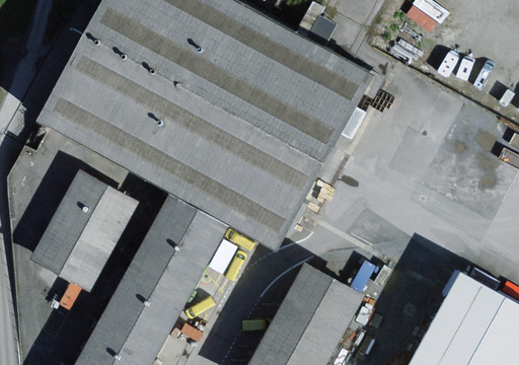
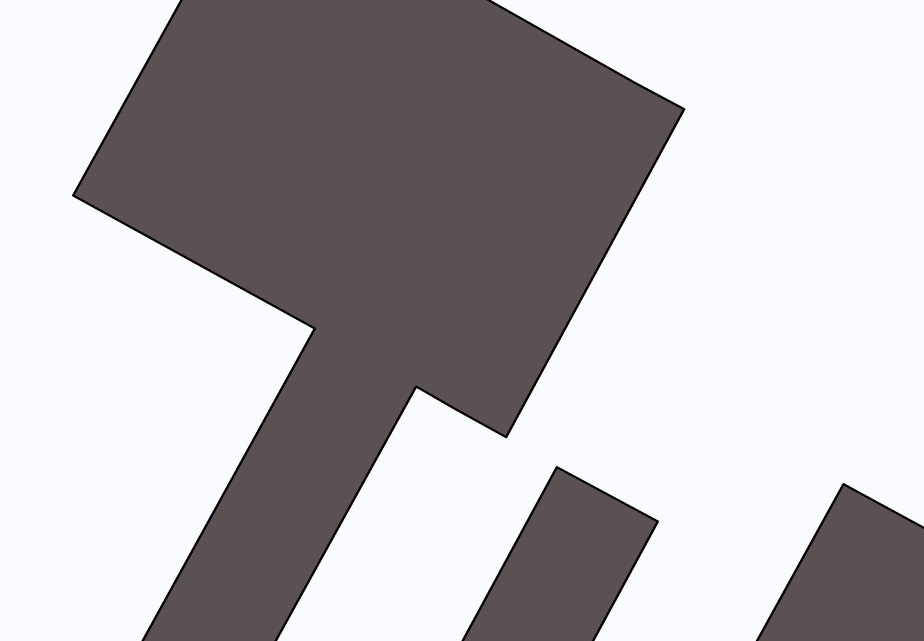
building: [31,172,132,285] -> none

